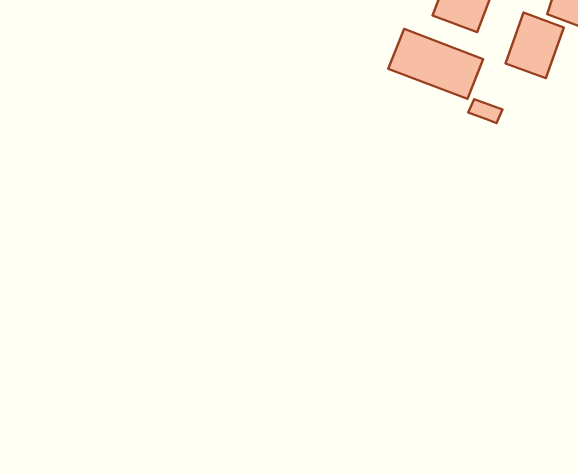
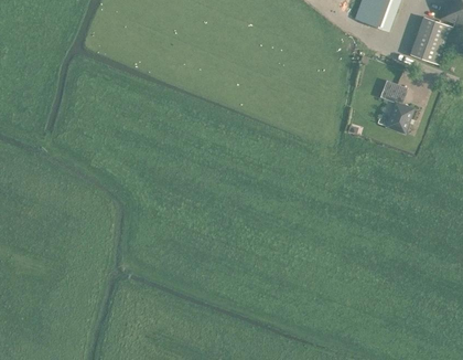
building: [388,29,483,99] -> none
building: none -> [384,102,412,134]

